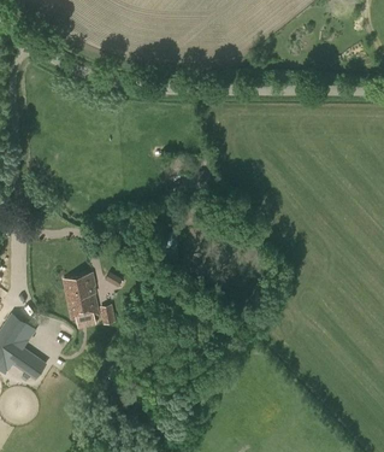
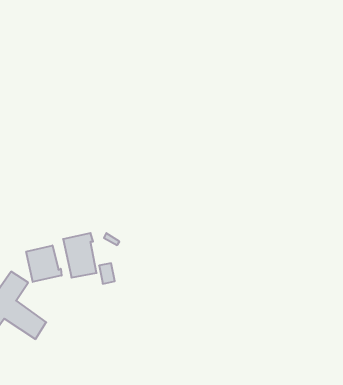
building: none -> [26,245,62,282]

